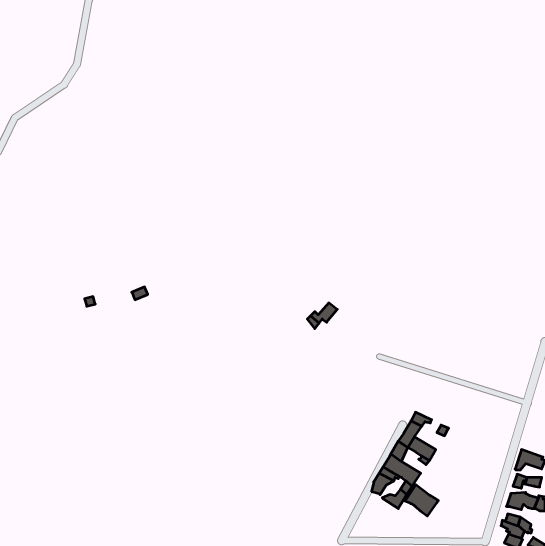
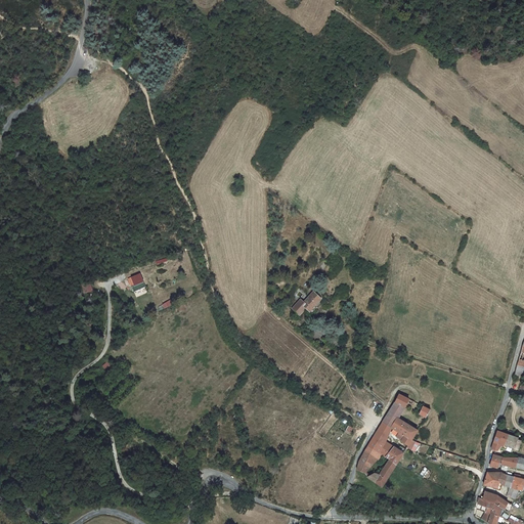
building: [405,485,438,516] -> none

